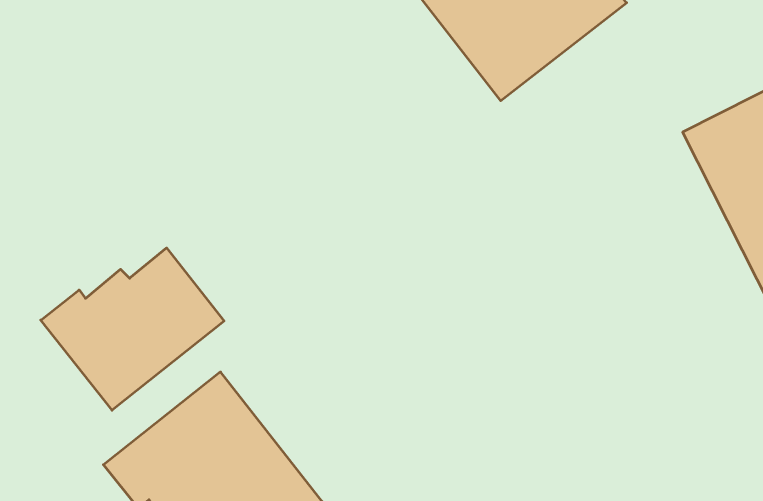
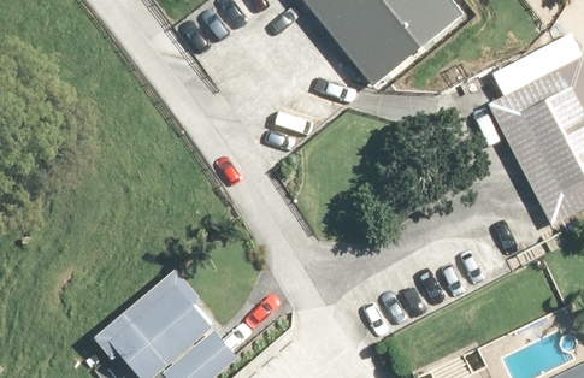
building: [41,248,224,410] -> none

